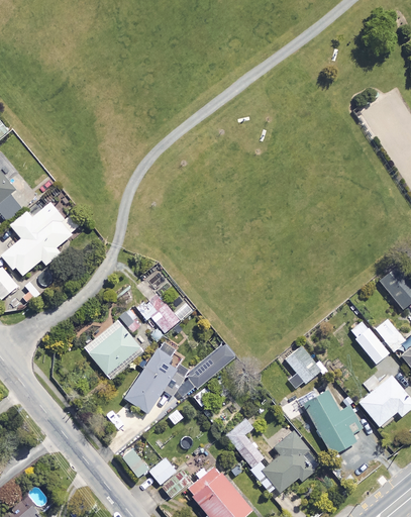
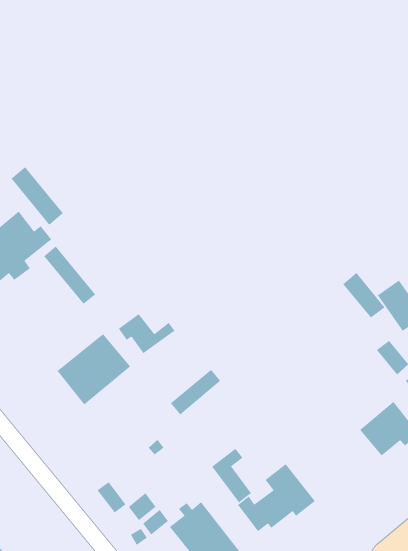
building: none -> [10,166,64,226]
building: none -> [43,245,96,305]
building: [349,321,389,364] -> [342,272,385,319]
building: [124,341,190,413] -> none
building: [287,347,325,383] -> none
building: [304,391,363,454] -> none

